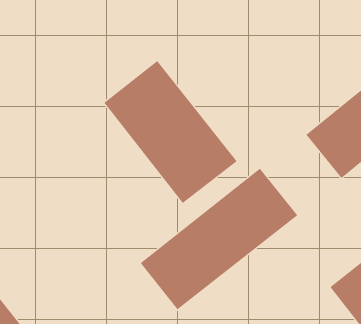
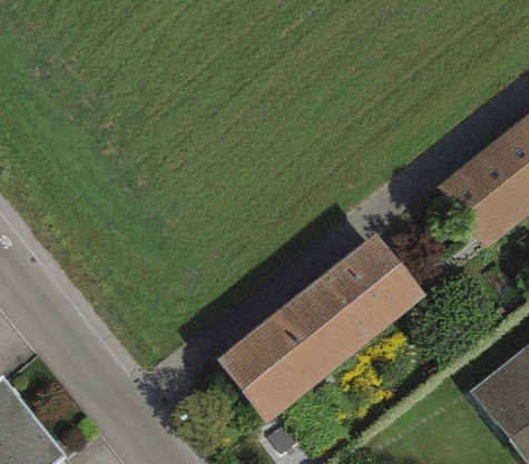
building: [103,60,237,204] -> none

